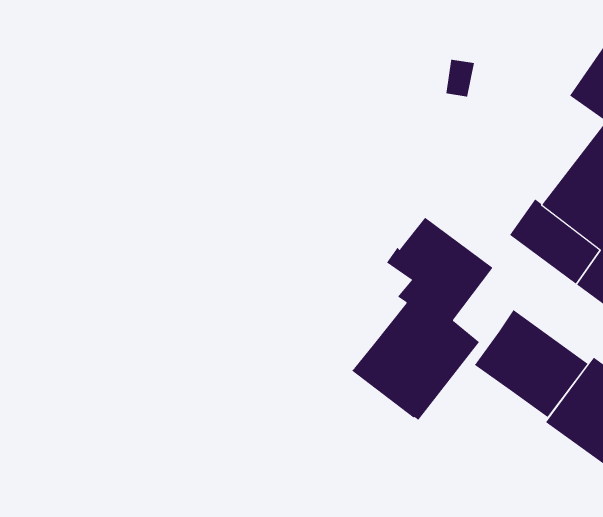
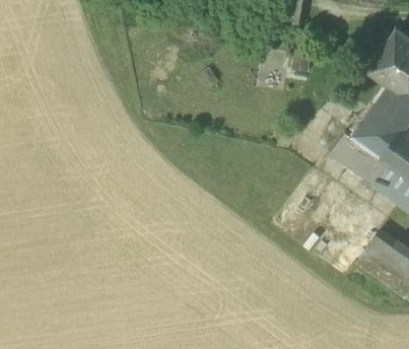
building: [351,217,493,421] -> none
building: [474,309,588,418] -> none

